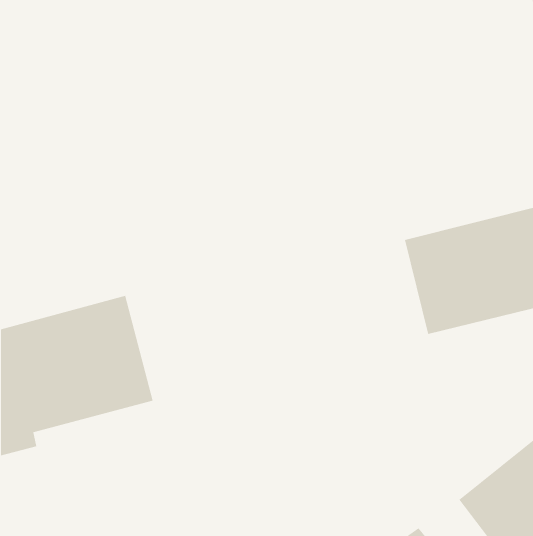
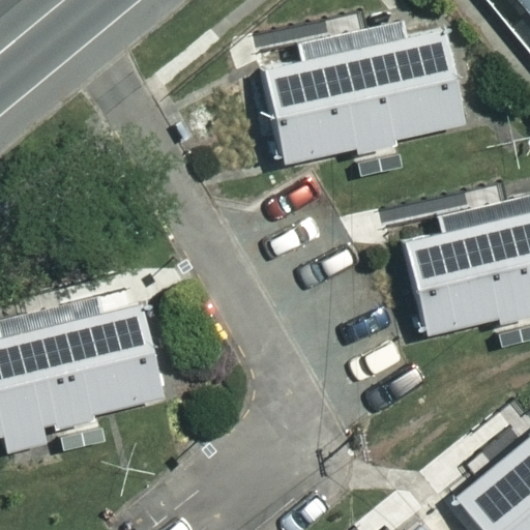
building: none -> [264,33,459,161]

